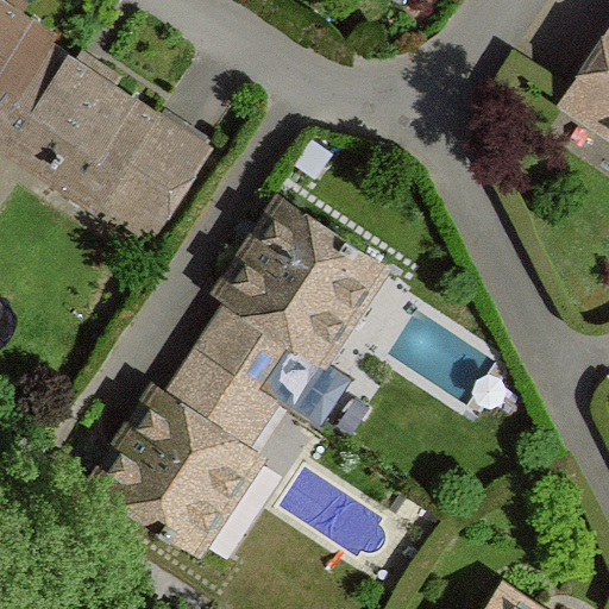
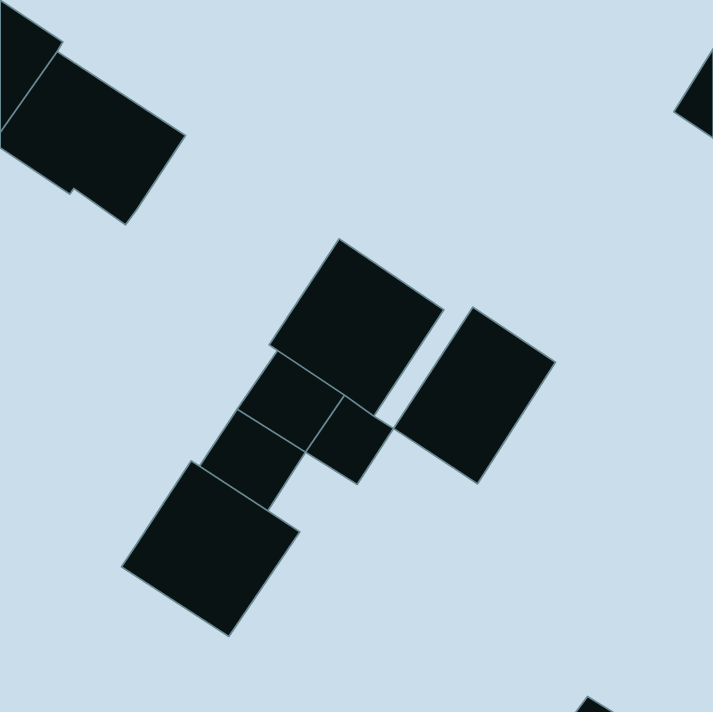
building: [117,117,208,213] -> none
building: none -> [393,307,555,484]

